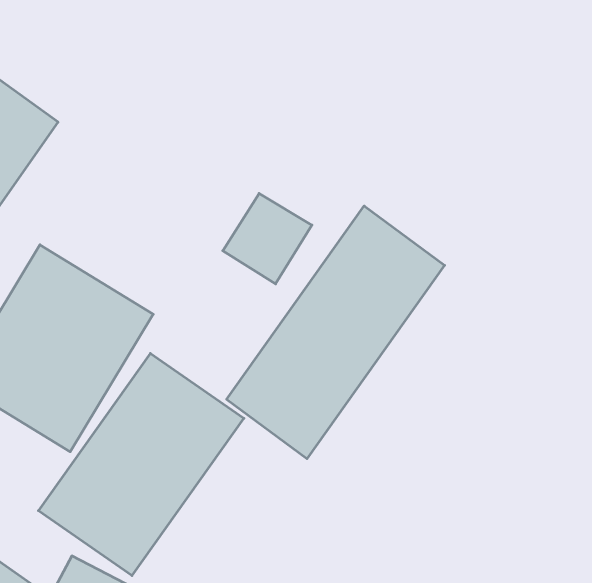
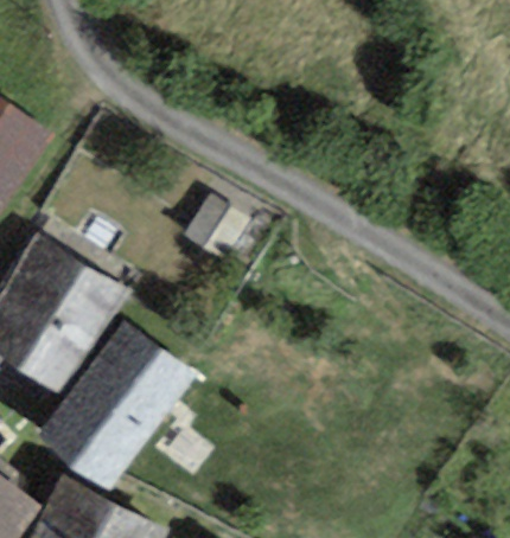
building: [227,206,445,459] -> none

